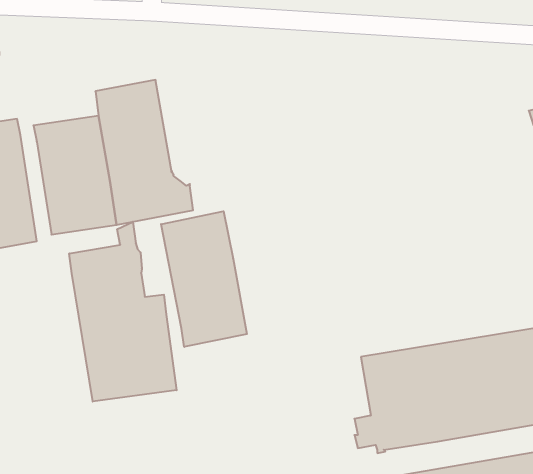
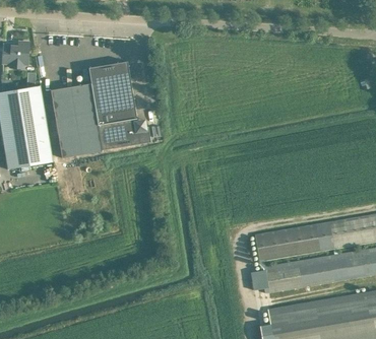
building: [161,211,247,347] -> none
building: [69,222,177,402] -> none

